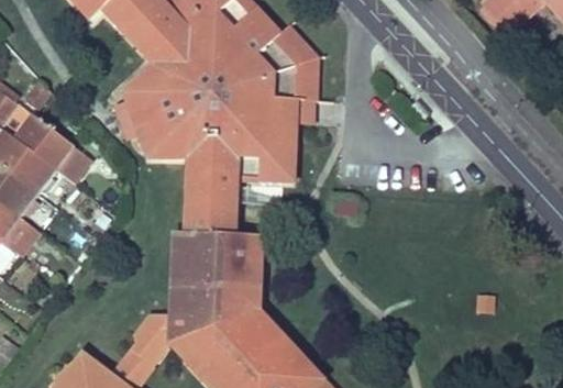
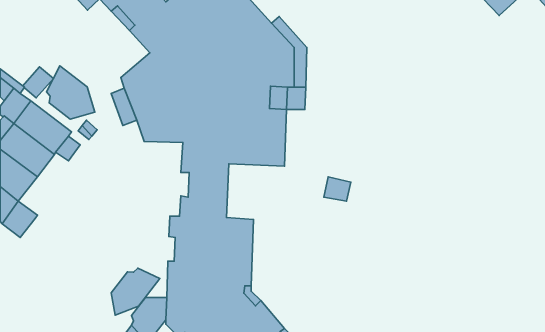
building: none -> [47,66,95,119]
building: none -> [111,268,160,315]

